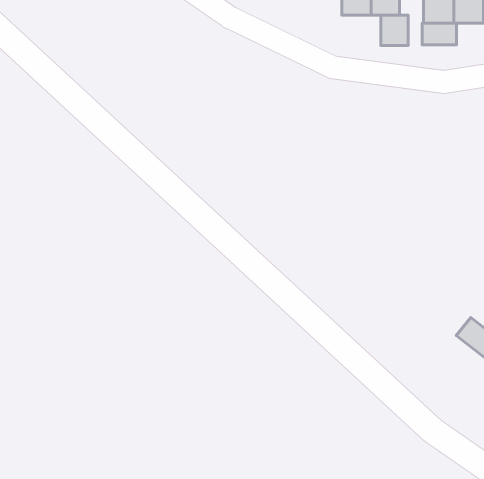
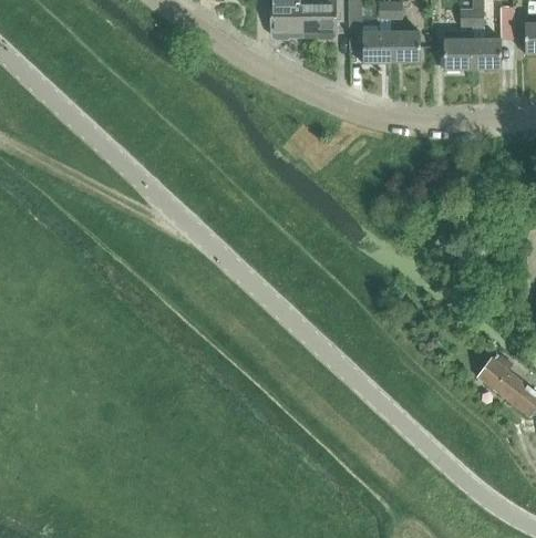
building: [381,15,408,46] -> none
building: [422,23,456,45] -> none

